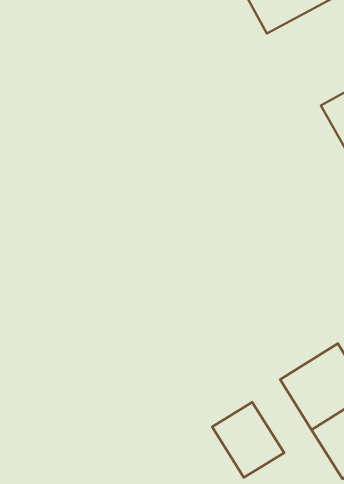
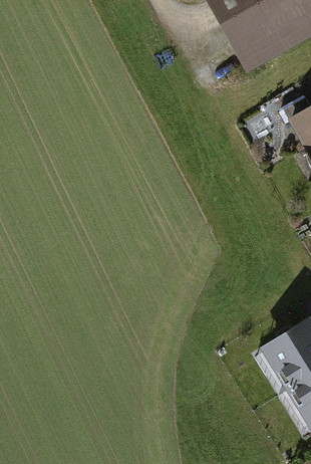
building: [212,402,284,478] -> none

